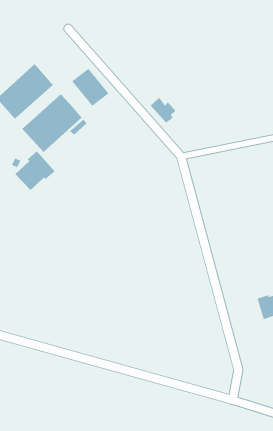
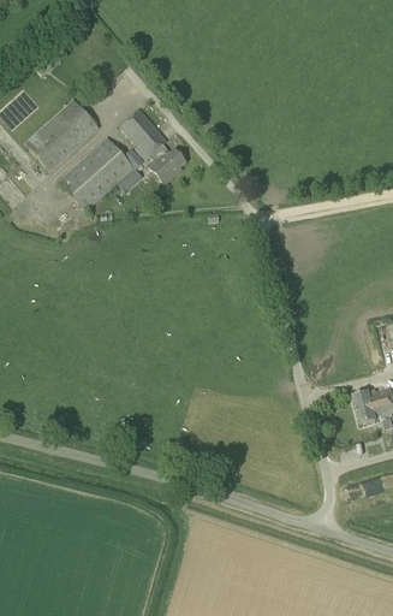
building: [150,97,177,124] -> [150,144,184,178]
building: [14,151,56,191] -> none

